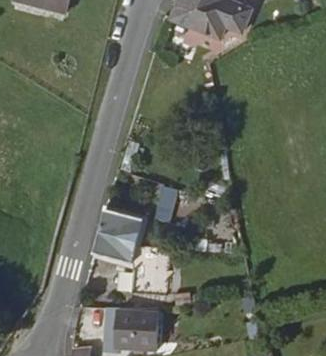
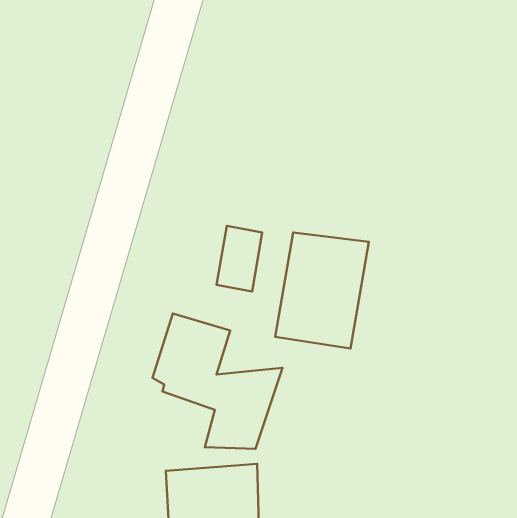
building: none -> [275,232,369,349]

